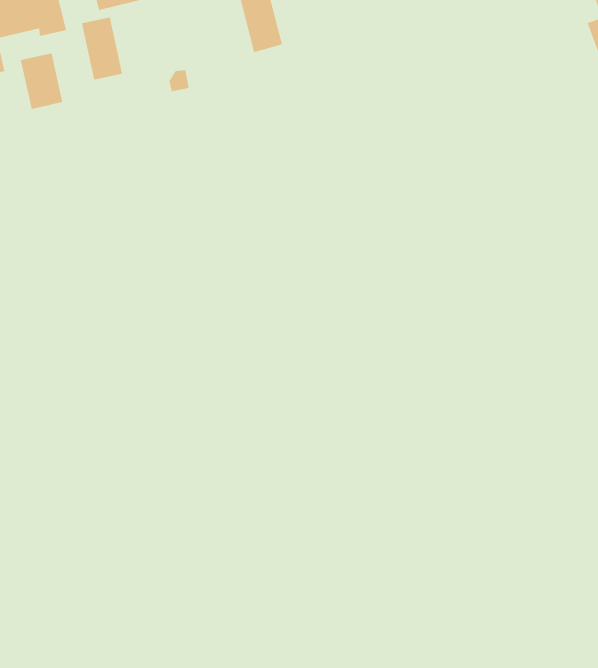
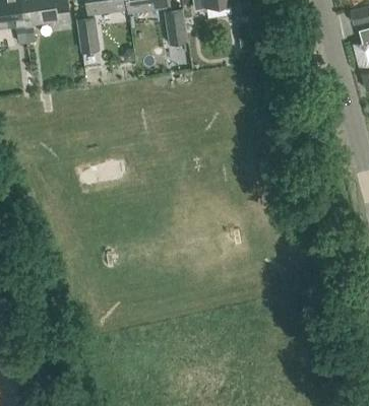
building: [20,52,63,110] -> none

